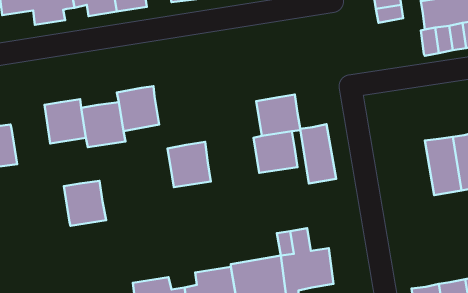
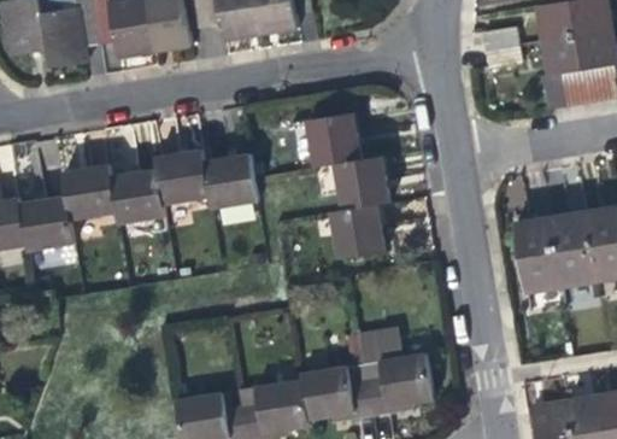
building: none -> [306,112,362,169]
building: [300,124,336,184] -> [515,217,560,293]
building: [167,142,211,187] -> [202,152,258,210]
building: [64,181,106,226] -> [19,194,74,252]

